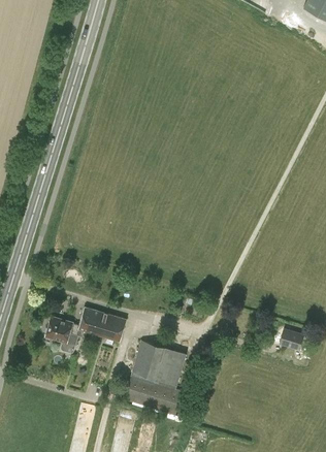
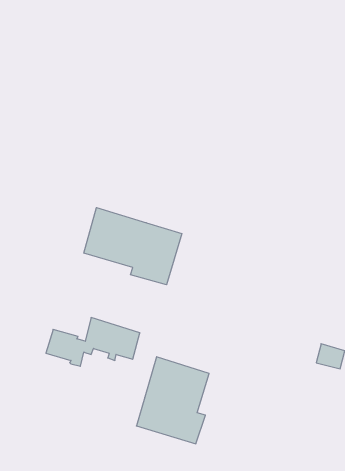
building: none -> [84,208,182,285]

